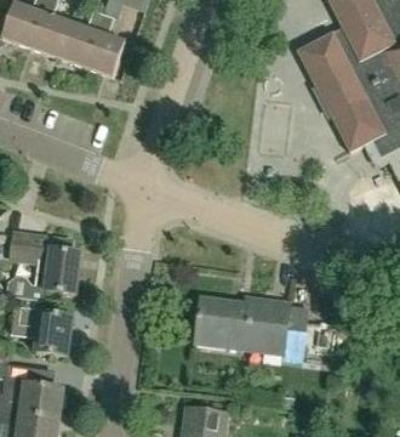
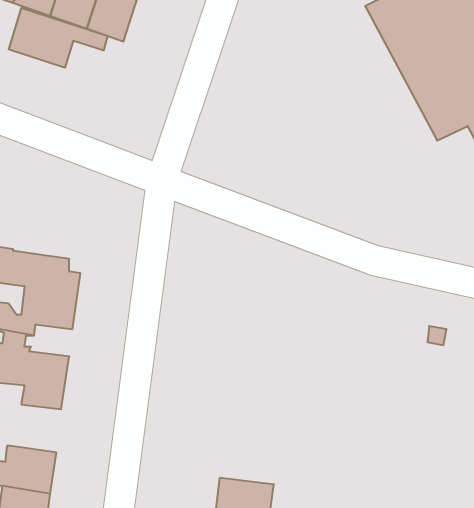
building: none -> [9,8,108,68]
building: [195,296,309,352] -> none

